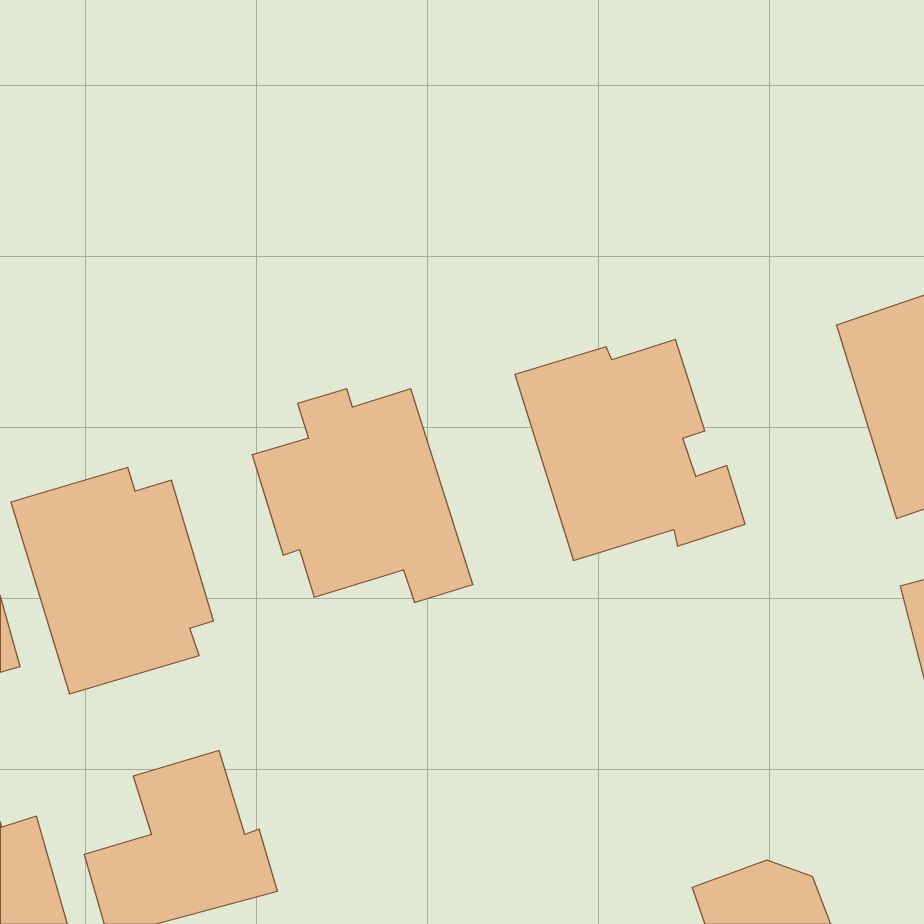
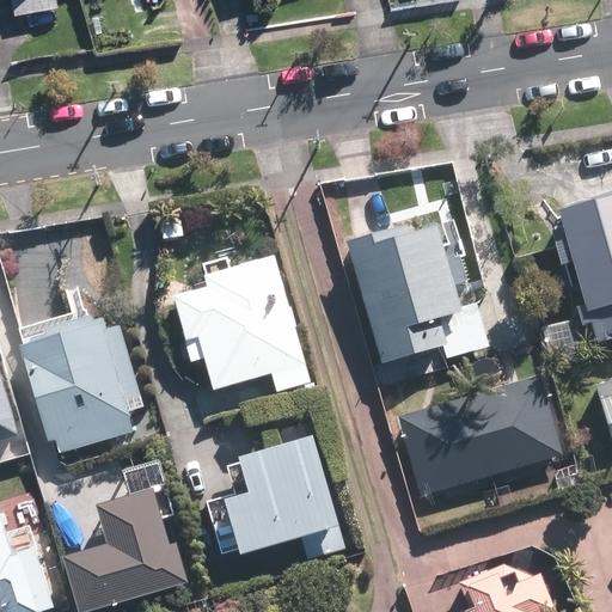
building: none -> [396,374,564,495]
building: none -> [206,437,349,562]

